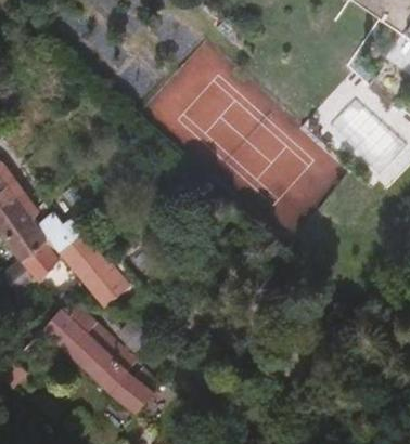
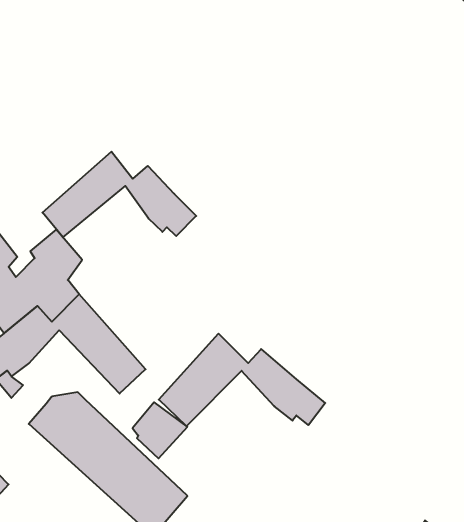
building: none -> [42,152,196,237]
building: none -> [159,334,325,426]

